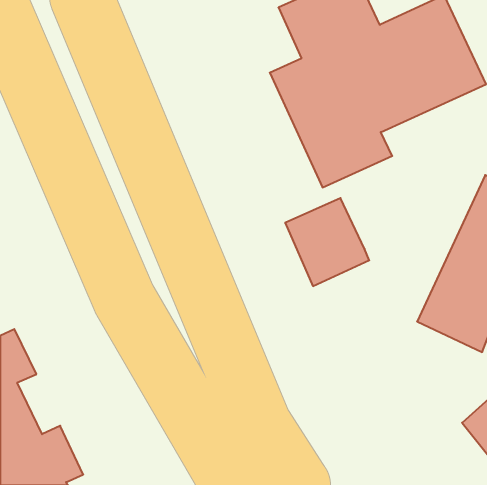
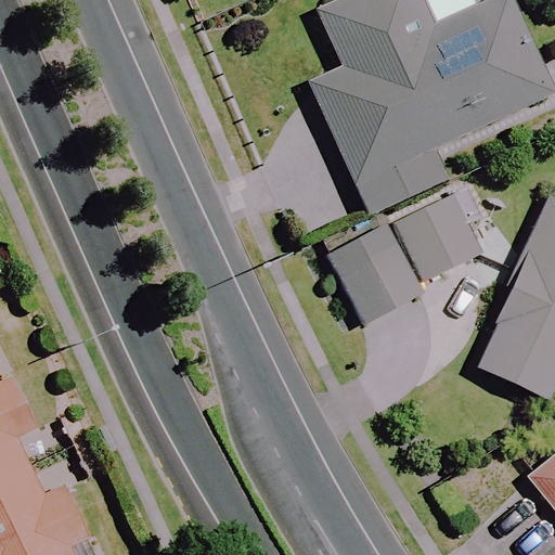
building: none -> [388,194,482,282]

